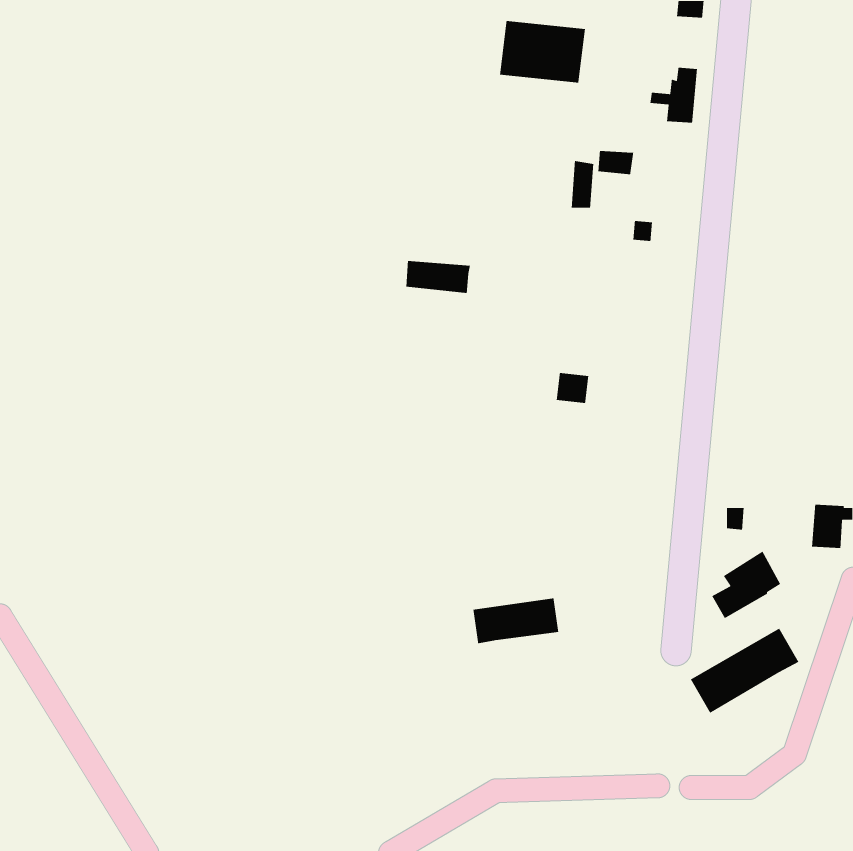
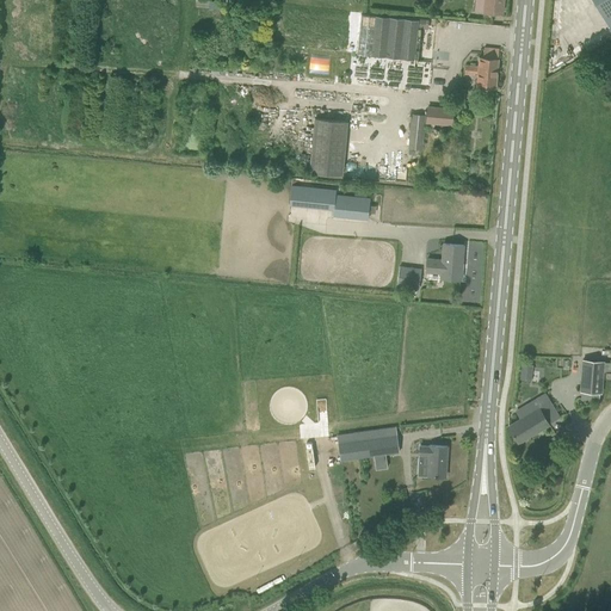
building: none -> [310,119,348,177]
building: none -> [333,195,370,220]
building: none -> [426,245,464,282]
building: none -> [420,446,448,477]
building: [690,628,799,714] -> none

